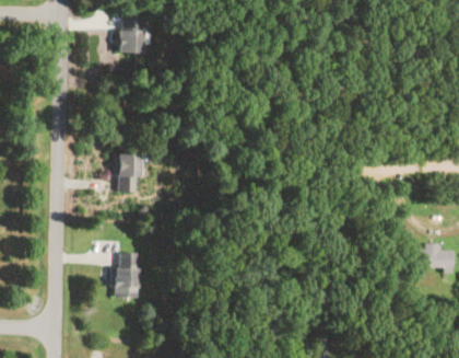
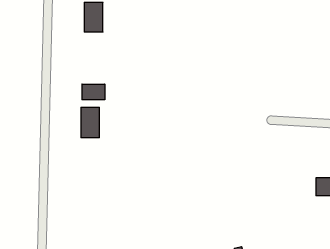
building: none -> [82,84,105,100]
building: [114,253,139,298] -> none

